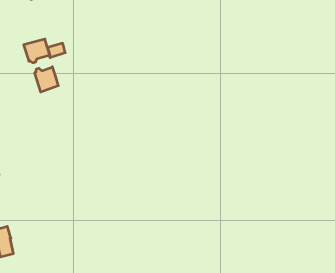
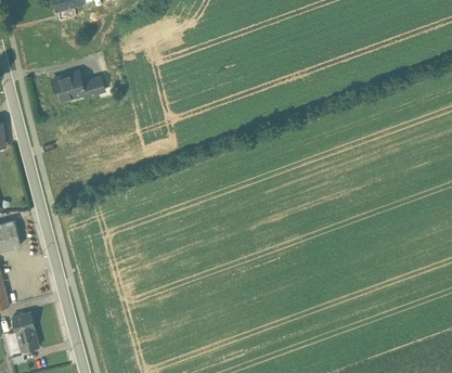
building: [35,67,58,92] -> none

